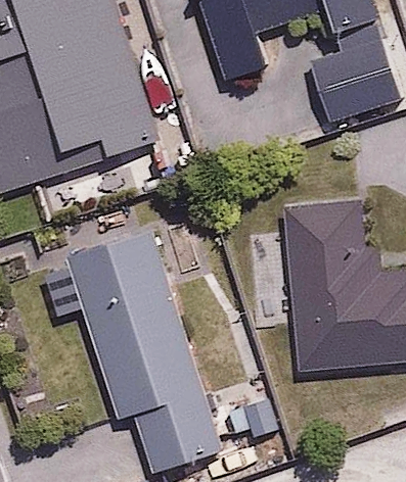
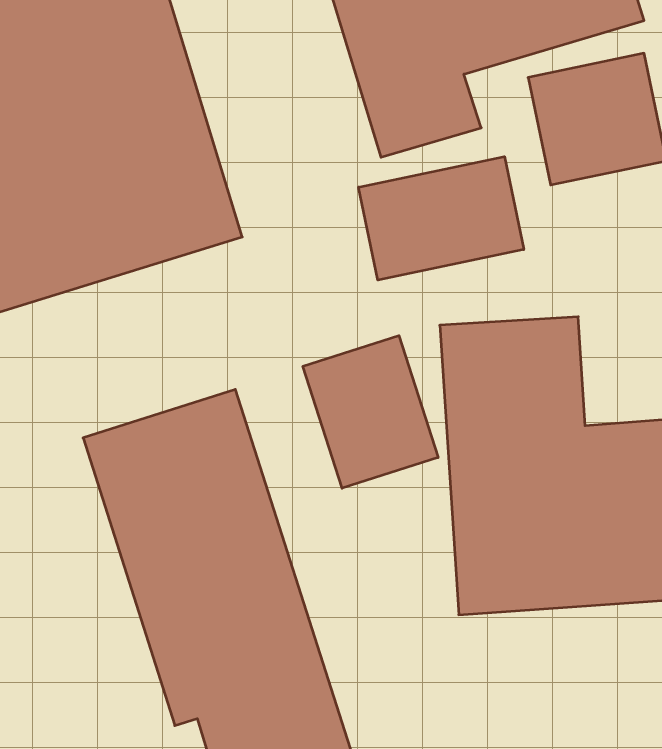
building: none -> [359,157,524,280]
building: none -> [303,336,438,488]

